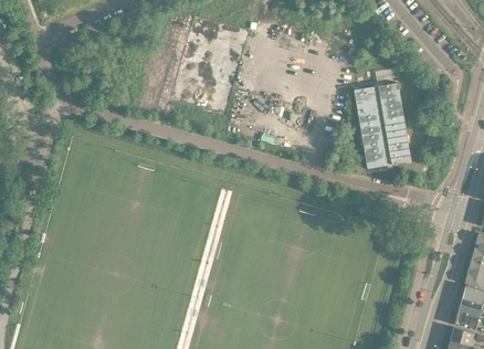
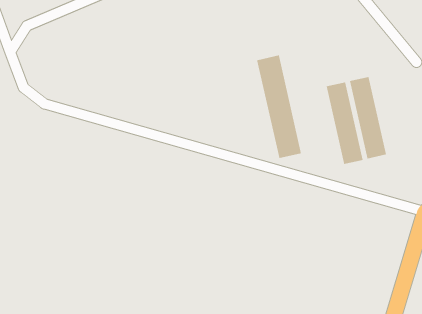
building: none -> [257,55,302,159]

